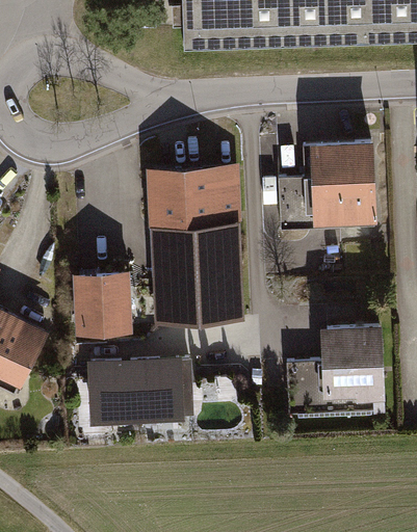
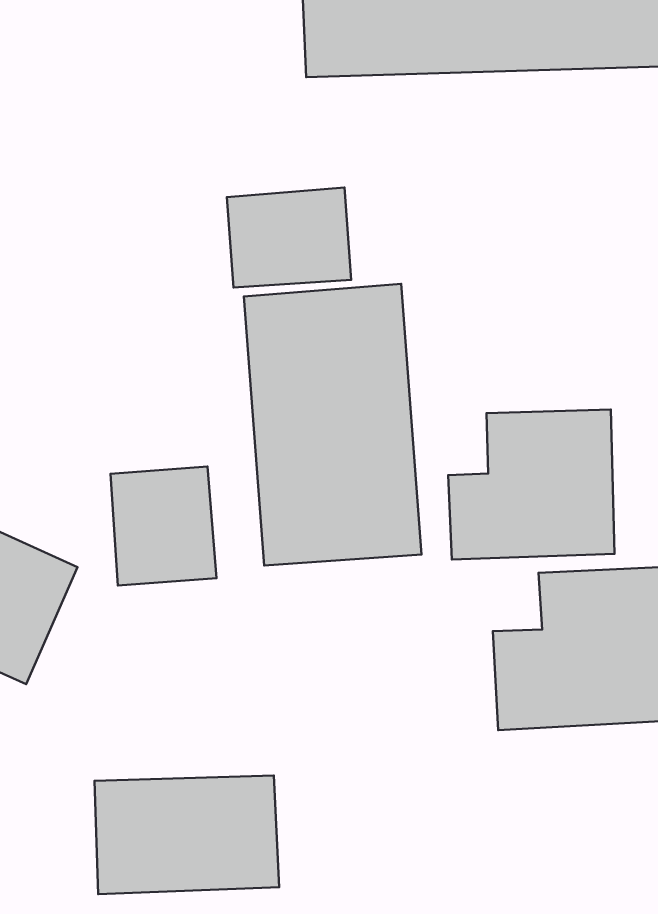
building: none -> [227,188,351,288]
building: [283,140,377,225] -> [448,409,614,559]
building: [85,355,190,423] -> [95,775,279,894]

